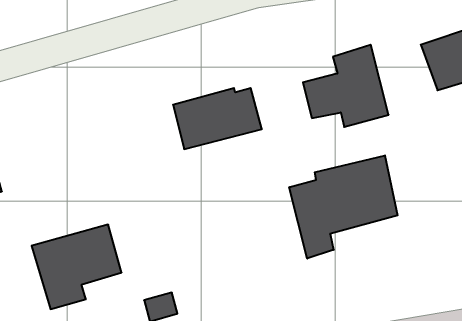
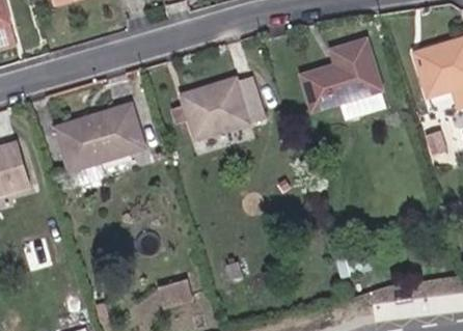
building: [289,155,398,259] -> none
building: [32,225,122,309] -> [55,109,139,188]

